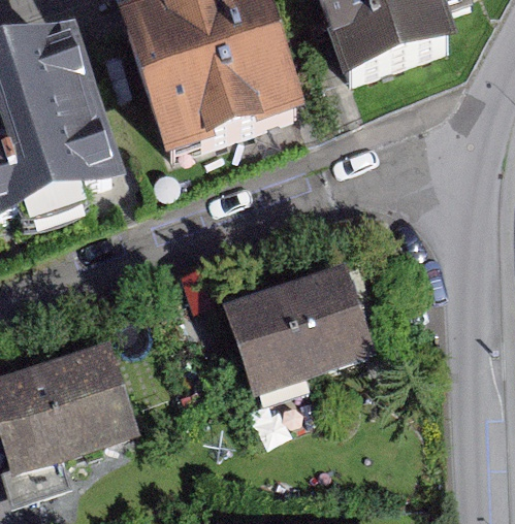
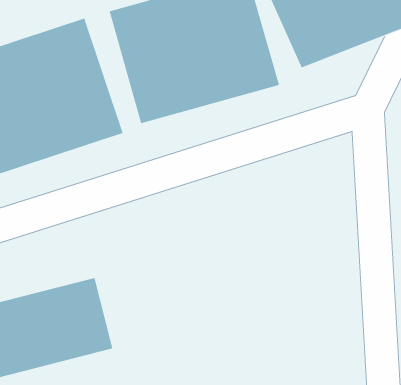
building: [223,272,368,388] -> none

